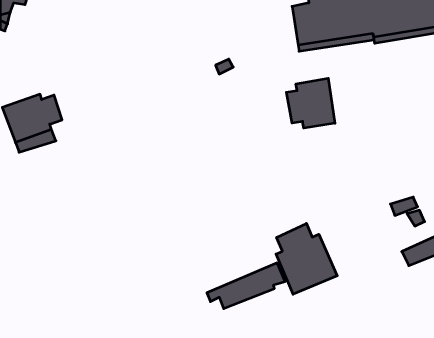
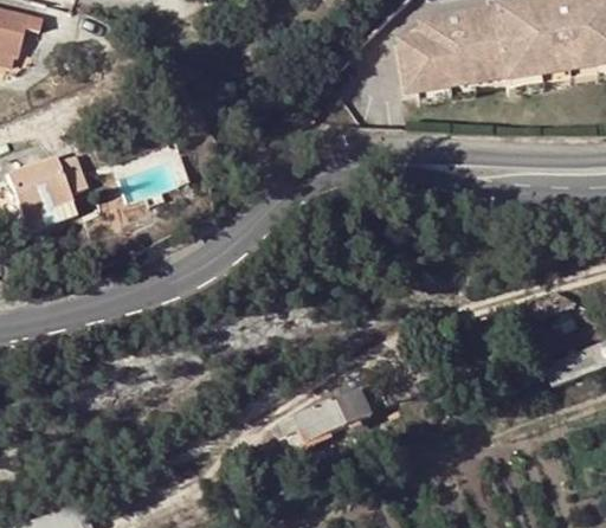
building: [286,78,335,128] -> none
building: [276,223,337,294] -> none

